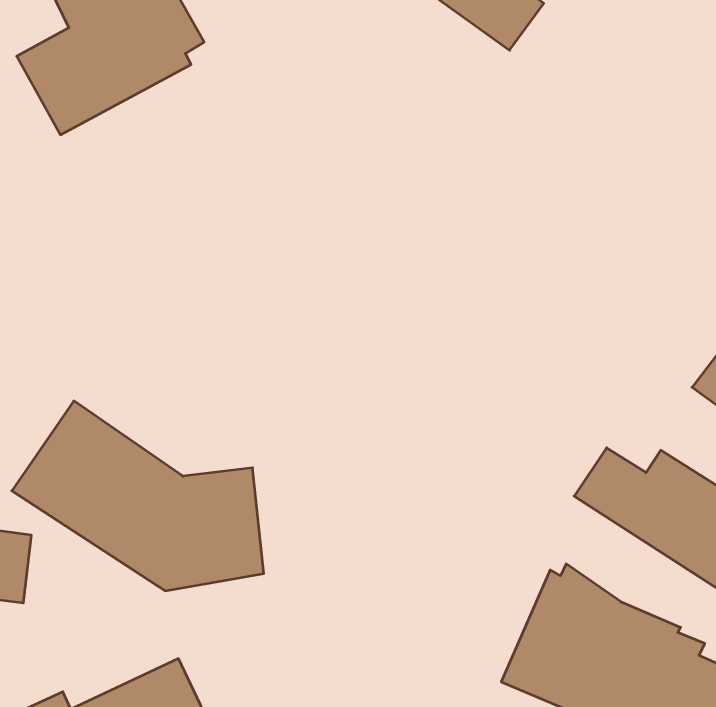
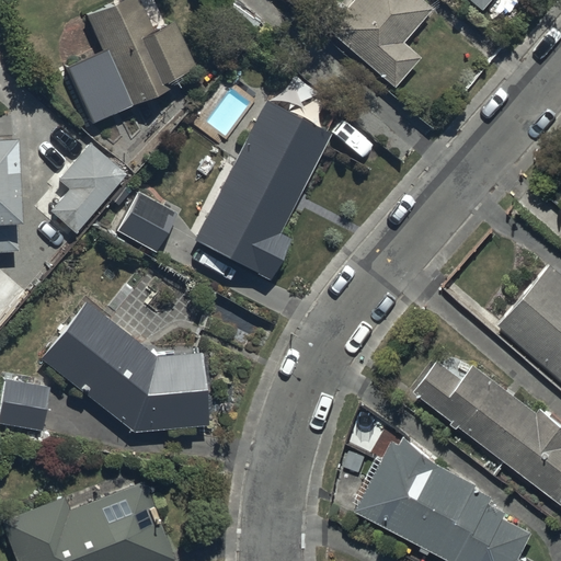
building: none -> [194,99,332,280]
building: none -> [49,145,126,233]
building: none -> [116,195,176,254]

